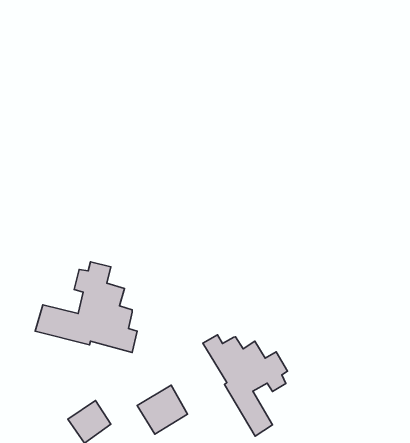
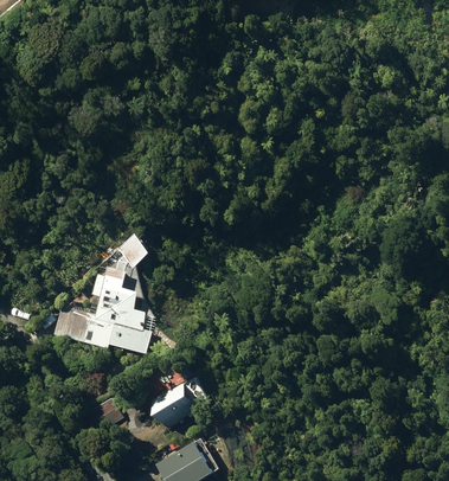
building: none -> [118,233,149,265]
building: [203,335,288,436] -> none

